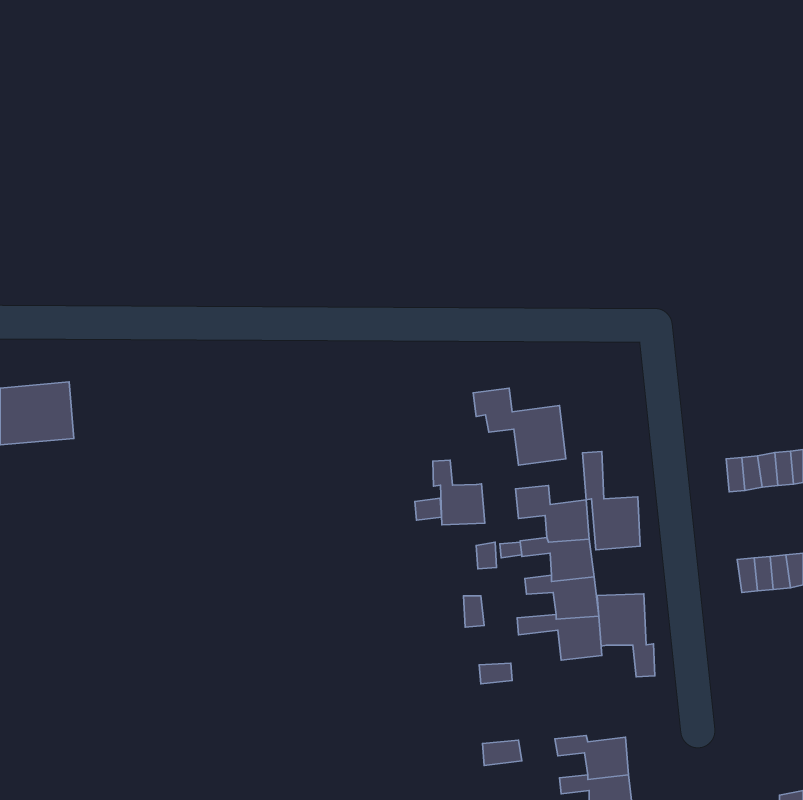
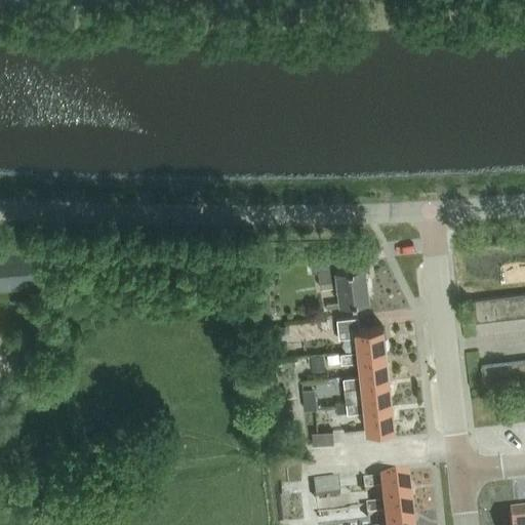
building: [582,451,640,550] -> none
building: [433,460,485,525] -> none
building: [597,594,655,677] -> none

